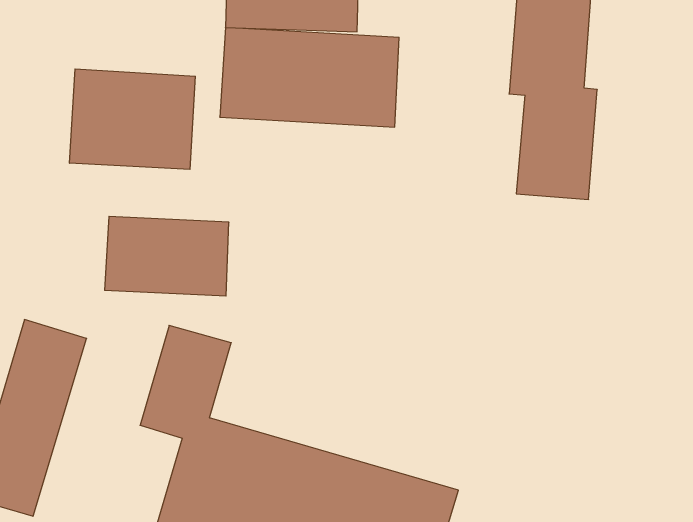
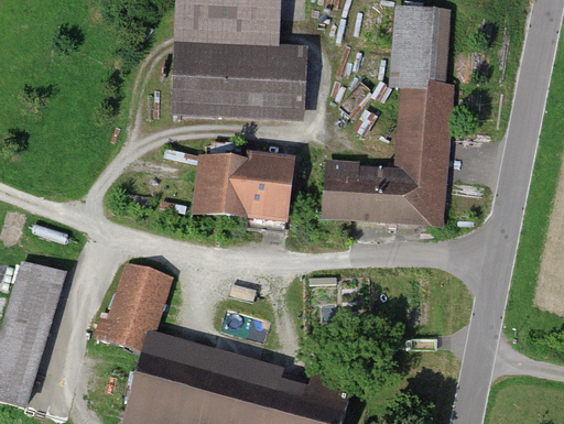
building: [70,69,195,169] -> none
building: none -> [322,163,442,225]
building: [105,216,229,296] -> [195,160,290,220]

